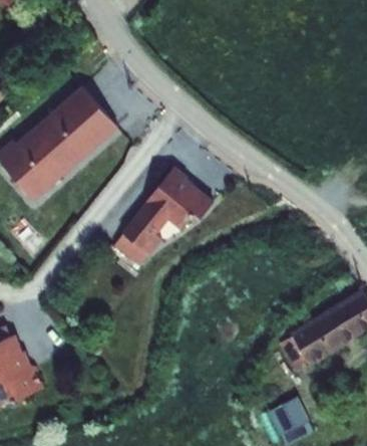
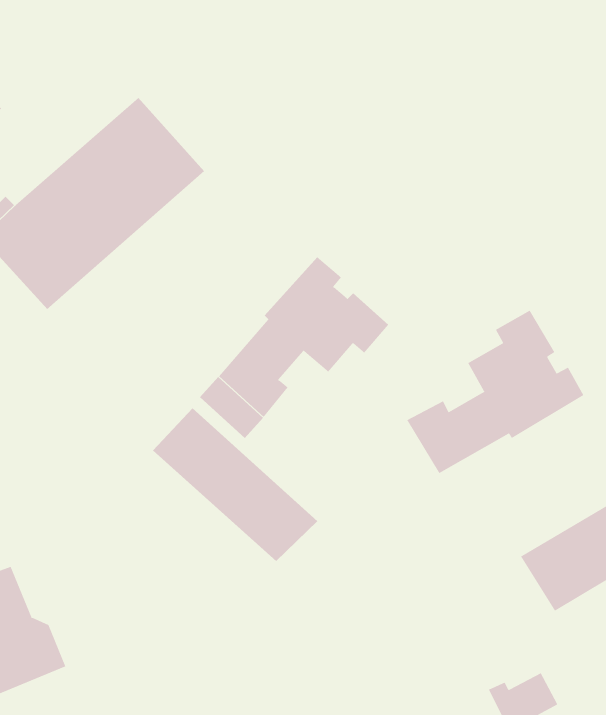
building: none -> [406,310,584,474]
building: none -> [152,408,318,562]

